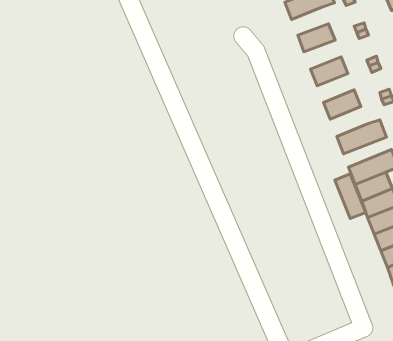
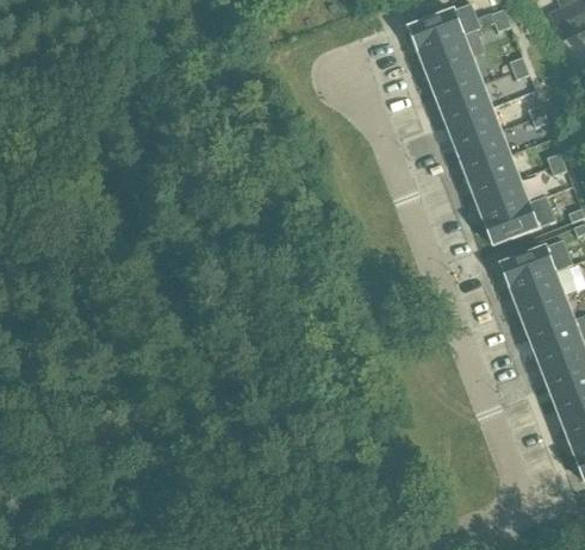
building: none -> [419,35,473,75]
building: none -> [437,82,491,124]
building: none -> [456,130,510,171]
building: none -> [475,177,529,220]
building: [335,174,366,218] -> none

